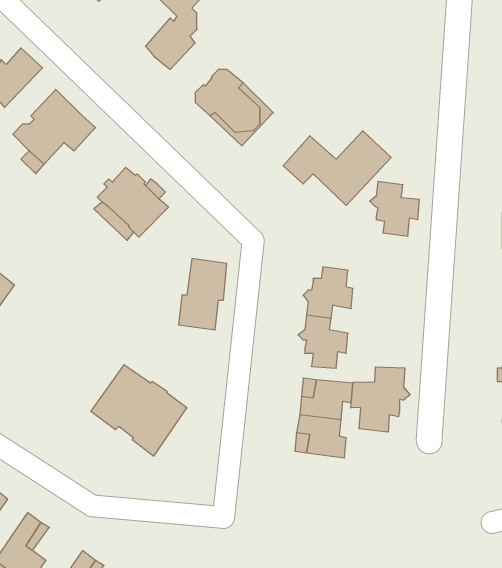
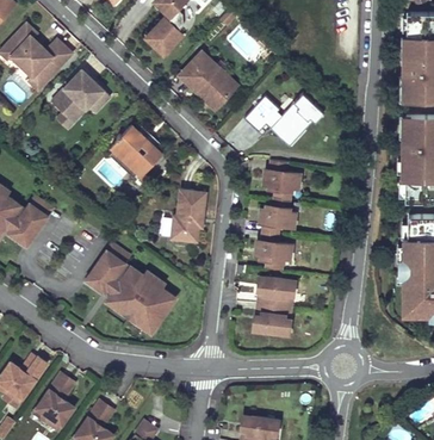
building: [370,181,419,236] -> [265,157,300,197]
building: none -> [89,242,130,290]
building: [351,367,410,432] -> none

